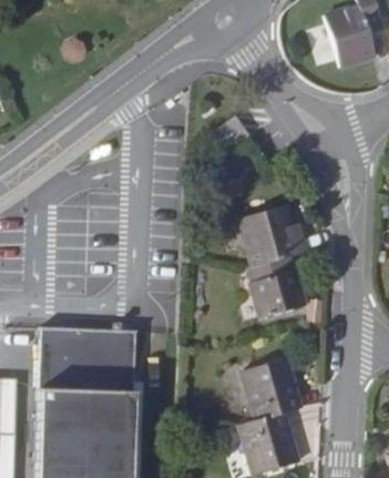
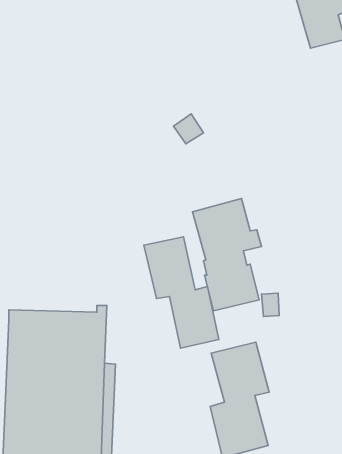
building: none -> [144,237,219,348]

